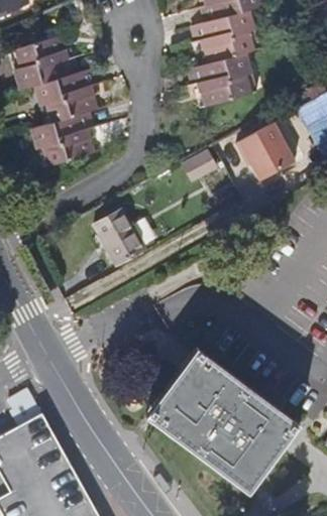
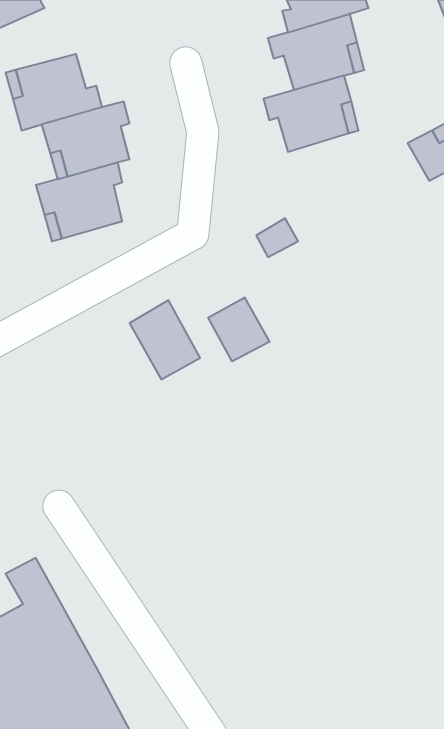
building: [235,122,294,179] -> none
building: none -> [208,297,269,361]
building: [146,348,301,495] -> none

